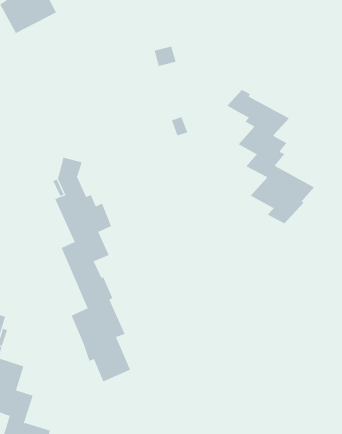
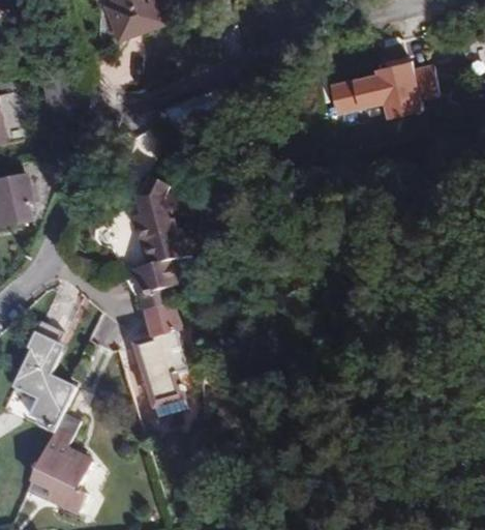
building: none -> [333,56,437,113]
building: [227,89,315,224] -> none

